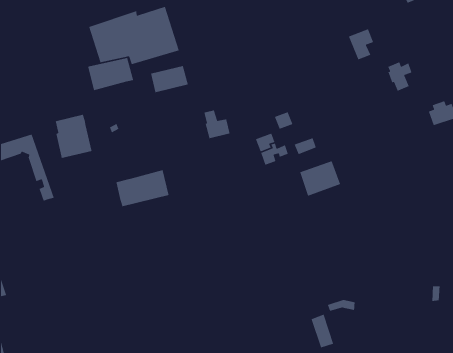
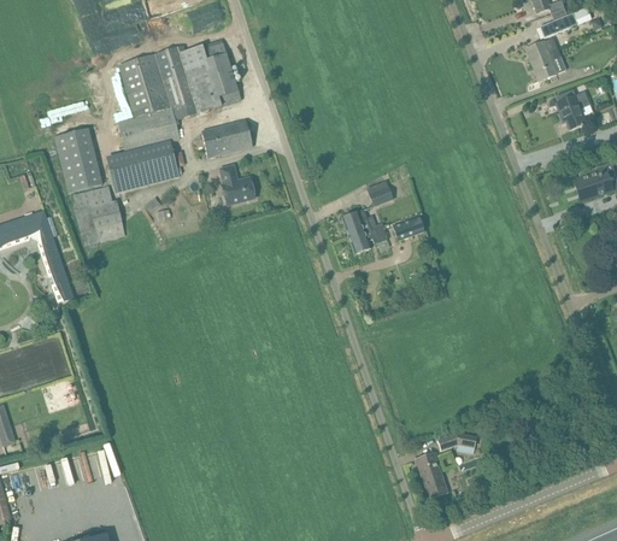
building: [348,28,374,60] -> [525,37,560,81]
building: [387,61,412,92] -> [556,89,589,130]
building: none -> [54,129,102,194]
building: [204,109,231,139] -> [218,165,254,205]
building: [299,160,341,197] -> none
building: [115,169,169,207] -> [106,142,178,193]

